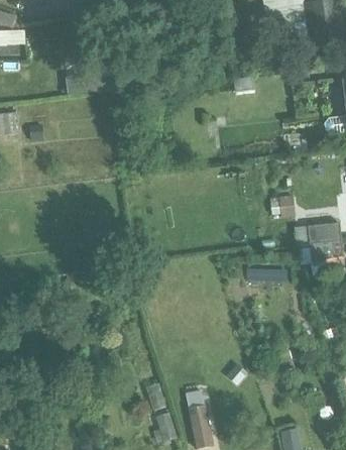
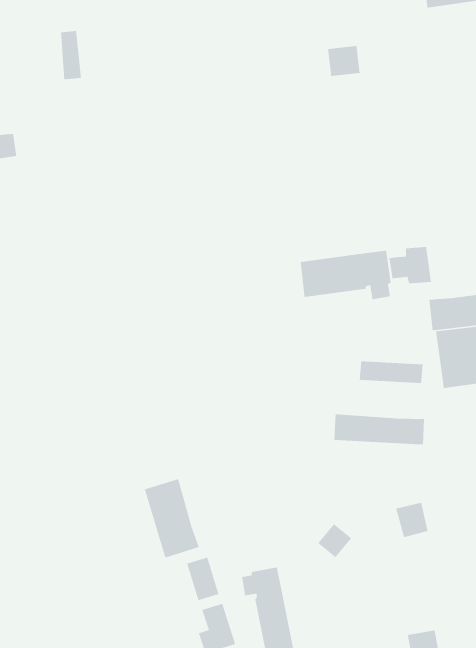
building: none -> [300,250,392,300]
building: none -> [334,414,425,445]
building: none -> [144,478,200,558]

